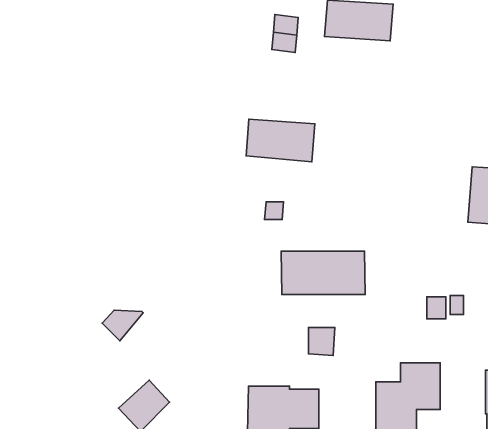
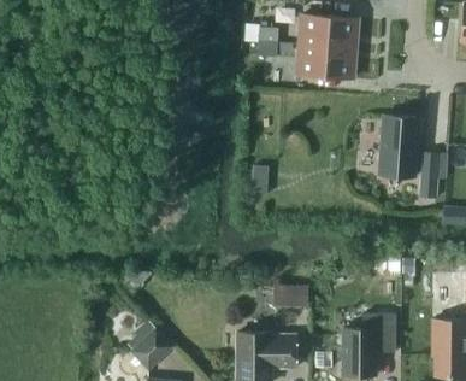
building: [246,119,315,162] -> [297,45,354,80]
building: none -> [378,115,419,177]
building: [281,251,365,295] -> none

